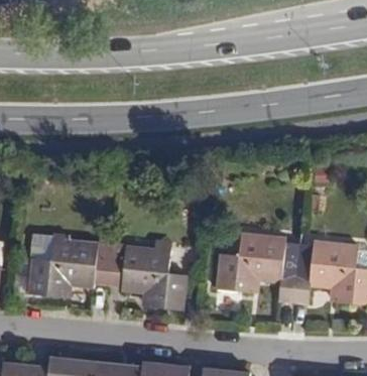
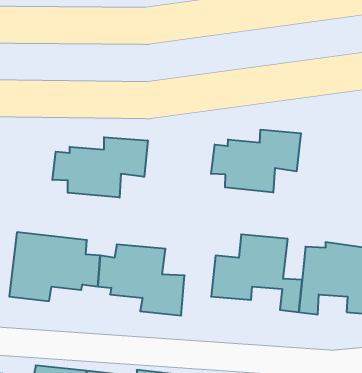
building: none -> [211,130,301,193]
building: none -> [52,137,148,198]

